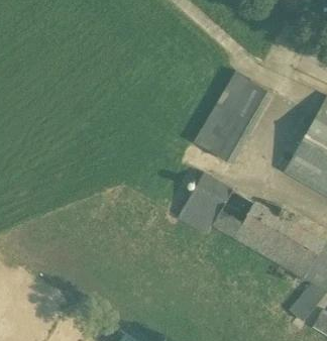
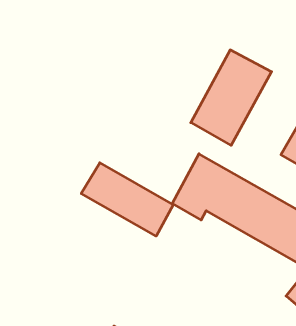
building: none -> [81,163,173,236]

